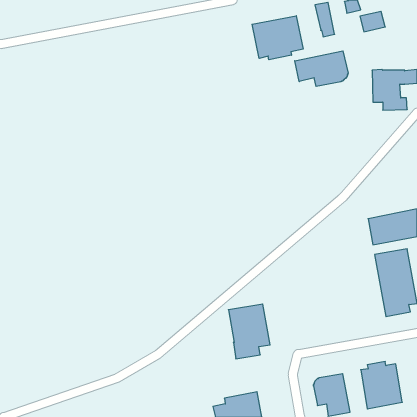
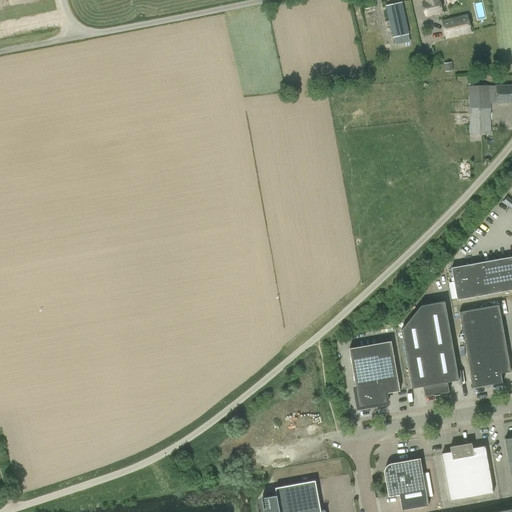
building: [252,16,303,60] -> none
building: [295,51,348,86] -> none
building: none -> [401,301,459,396]
building: [228,304,270,359] -> [349,341,400,408]

